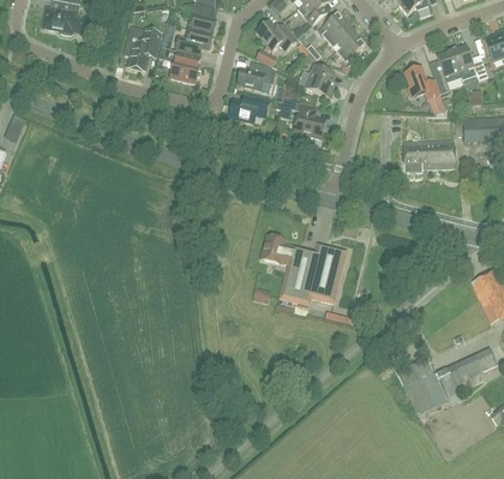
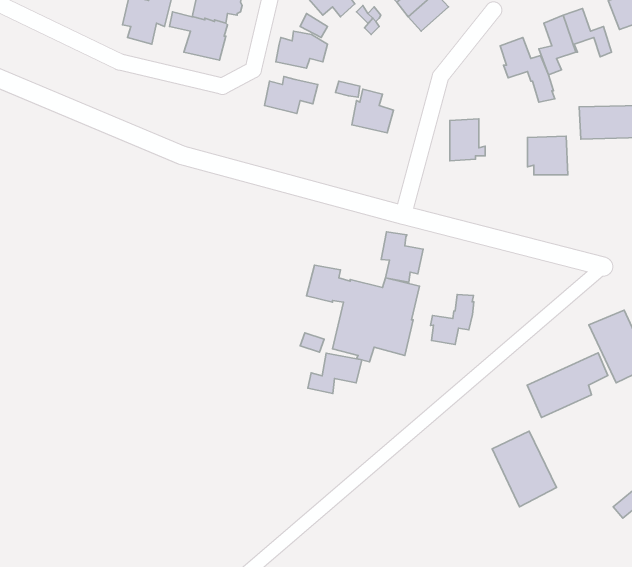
building: [298,62,336,96] -> none
building: [403,139,430,170] -> [450,119,485,161]
building: none -> [381,232,423,282]
building: none -> [431,295,474,345]
building: none -> [308,353,362,394]
building: [437,347,497,395] -> [527,353,608,417]

